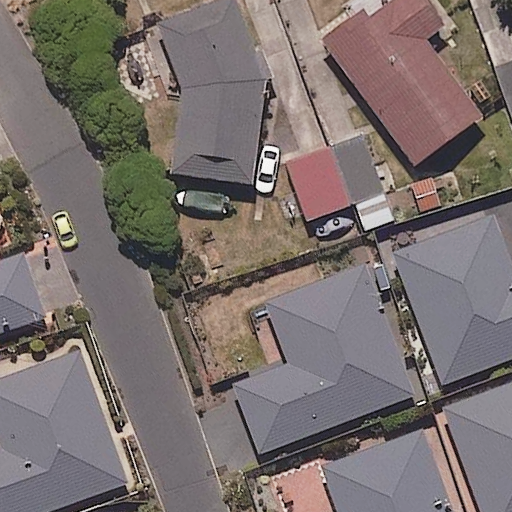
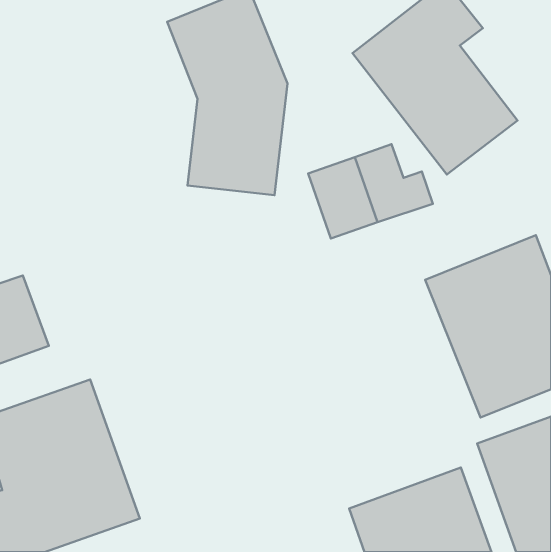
building: [234,266,415,452] -> none

